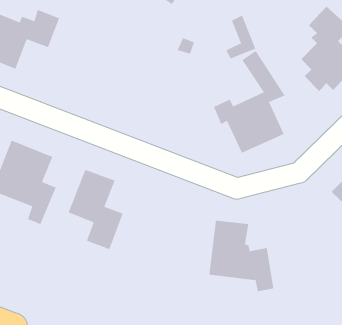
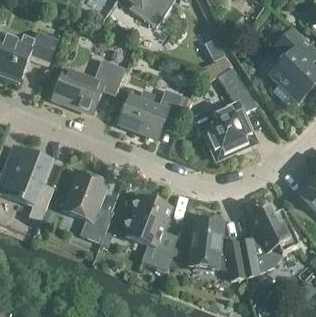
building: none -> [53,57,125,112]
building: none -> [118,87,189,137]
building: none -> [124,194,177,270]
building: none -> [240,208,299,276]

